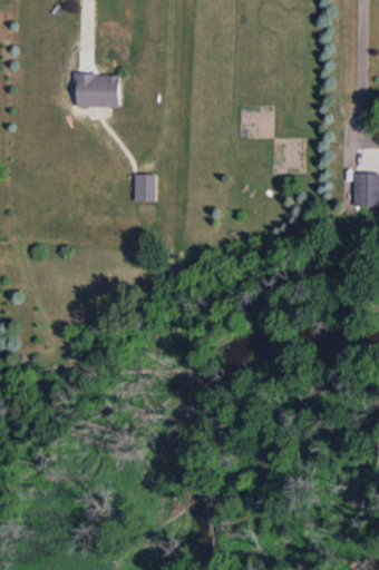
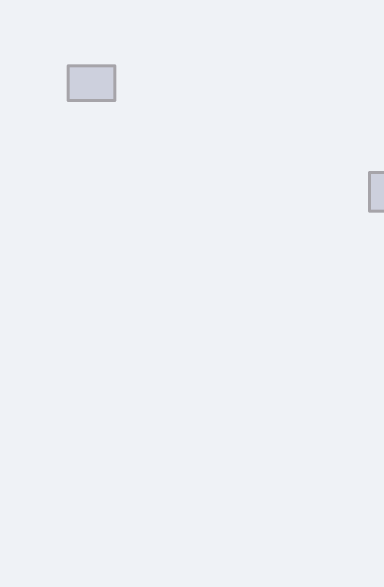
building: [135,174,154,202] -> none

